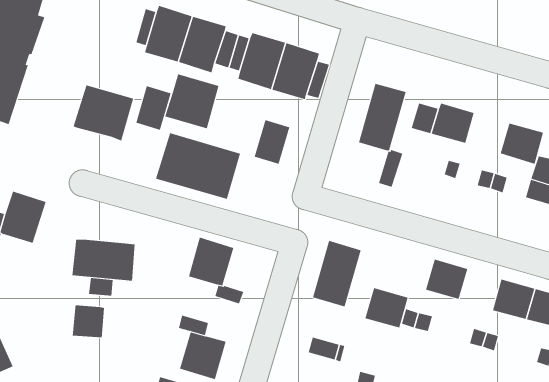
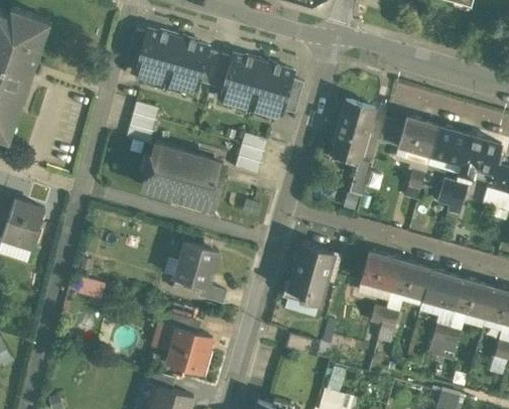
building: [165,74,219,129] -> none
building: [73,84,134,142] -> none
building: none -> [429,129,469,166]
building: [72,239,135,281] -> none
building: none -> [422,272,462,310]
building: [365,288,409,328] -> [360,254,400,291]
building: [72,305,105,338] -> none

